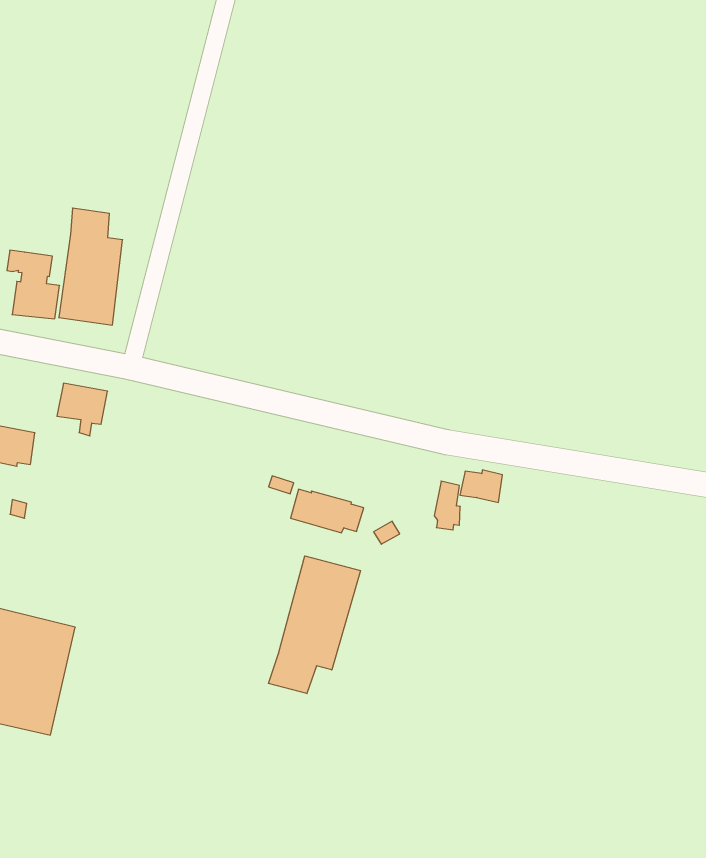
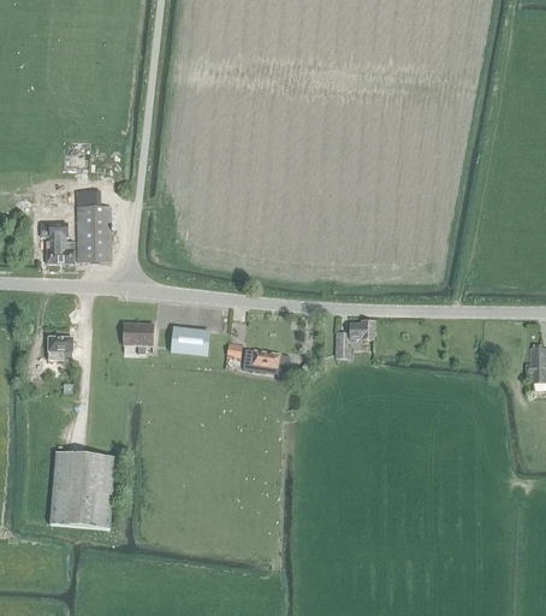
building: [57,383,108,436] -> [123,322,153,354]
building: none -> [171,327,209,355]
building: [269,556,360,694] -> none

